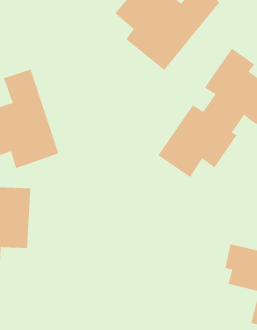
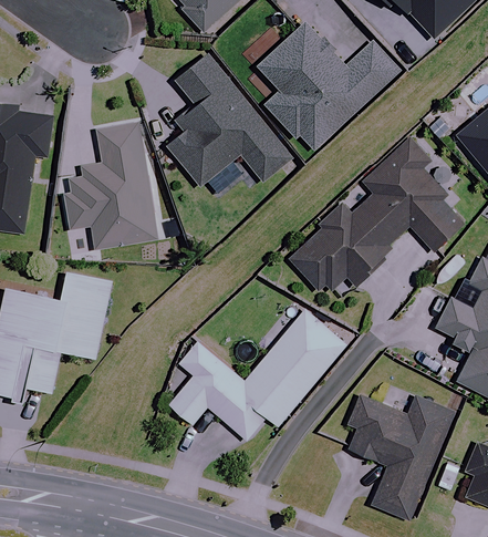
building: none -> [166,54,290,186]
building: none -> [168,309,345,437]

